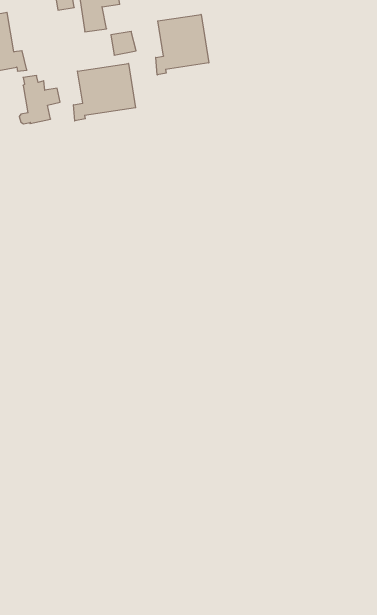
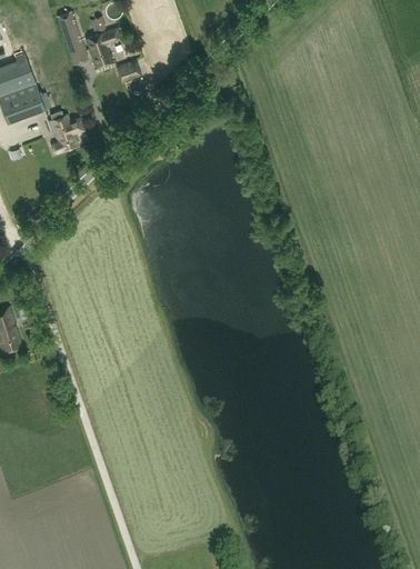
building: [156,14,209,75] -> none
building: [74,63,136,121] -> none

